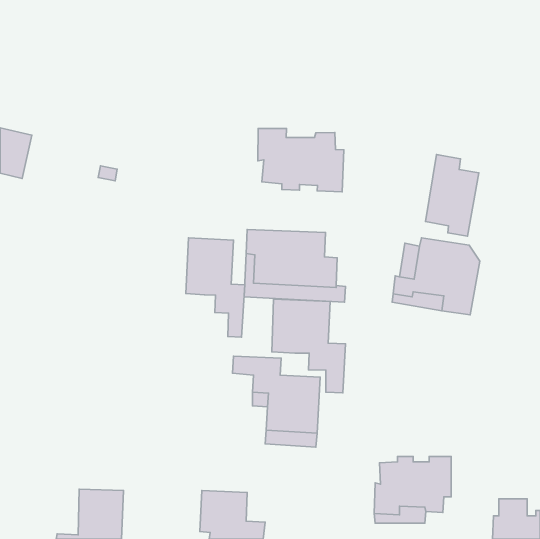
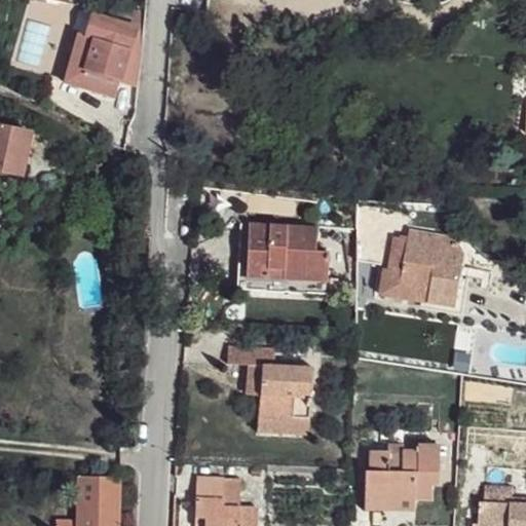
building: none -> [64,15,136,99]
building: [258,128,344,192] -> none
building: [425,155,479,236] -> none
building: [186,238,245,337] -> none
building: [272,299,345,393] -> none

